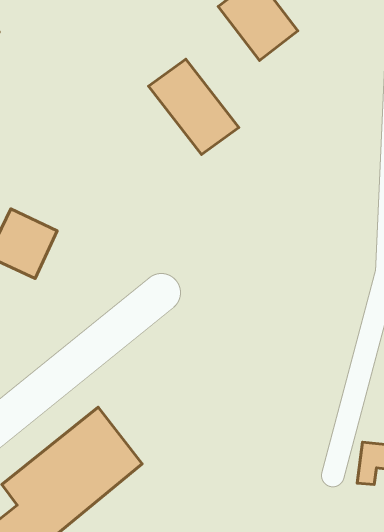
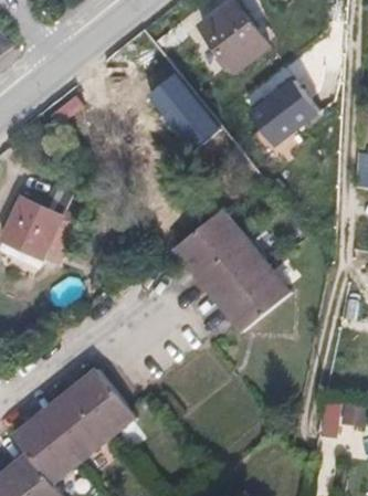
building: none -> [241,77,313,148]
building: none -> [175,209,291,331]

